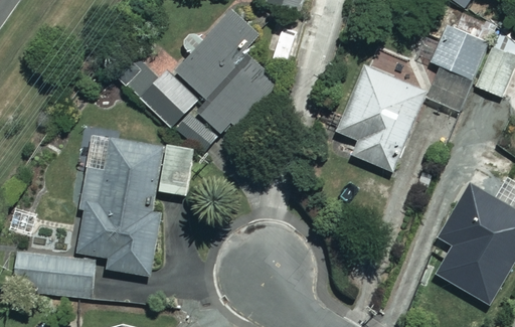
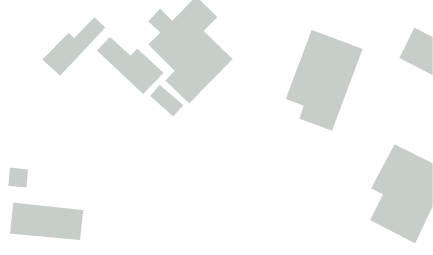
building: [427,22,485,78] -> none
building: none -> [42,16,106,76]
building: [74,133,194,275] -> none

